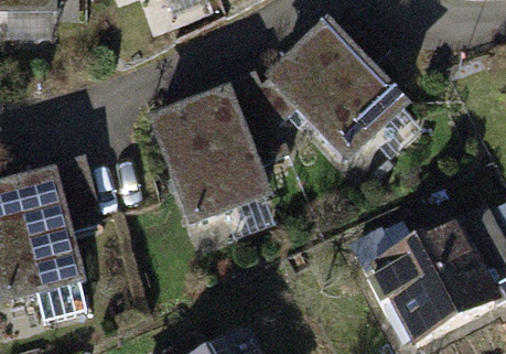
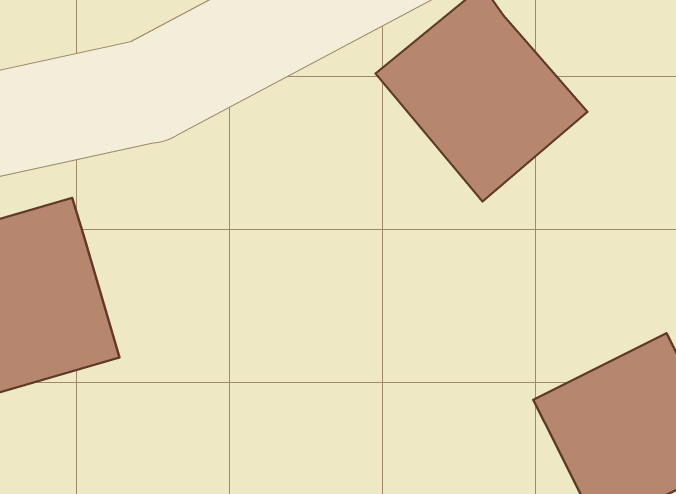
building: [147,87,269,217] -> none

